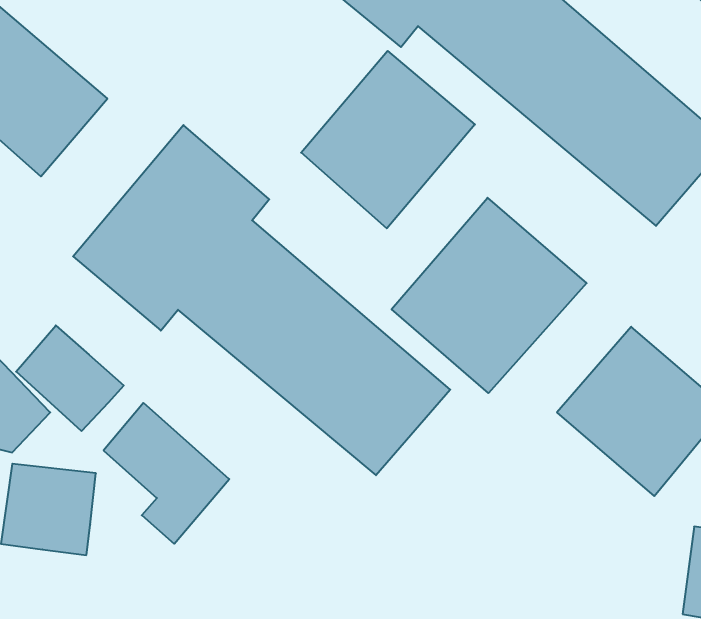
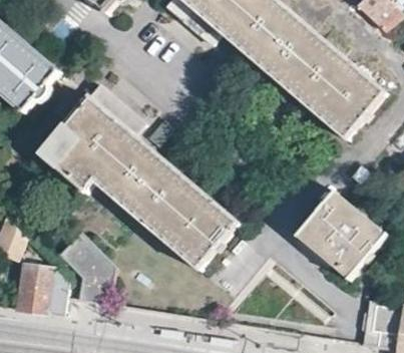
building: [301,51,475,228] -> none
building: [392,198,587,393] -> none
building: [16,325,124,431] -> none

